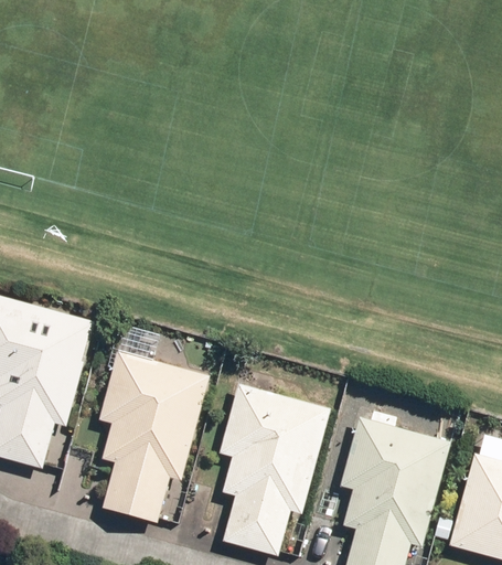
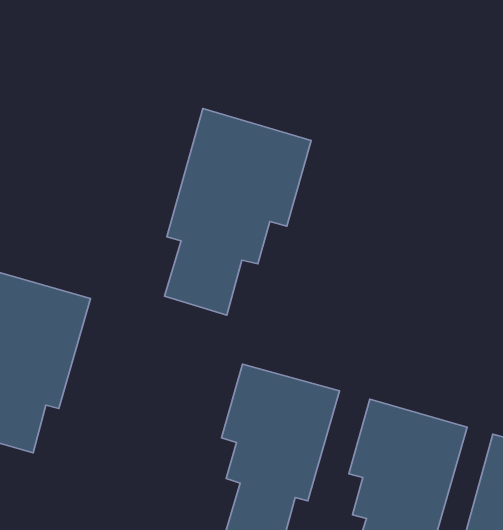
building: none -> [164,109,311,315]
building: [98,351,210,523] -> none

